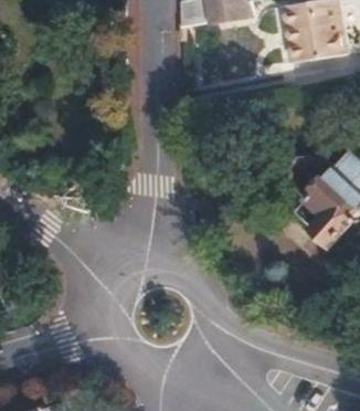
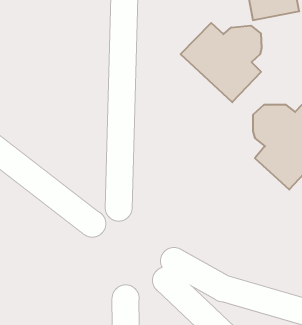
building: none -> [181,23,262,102]

